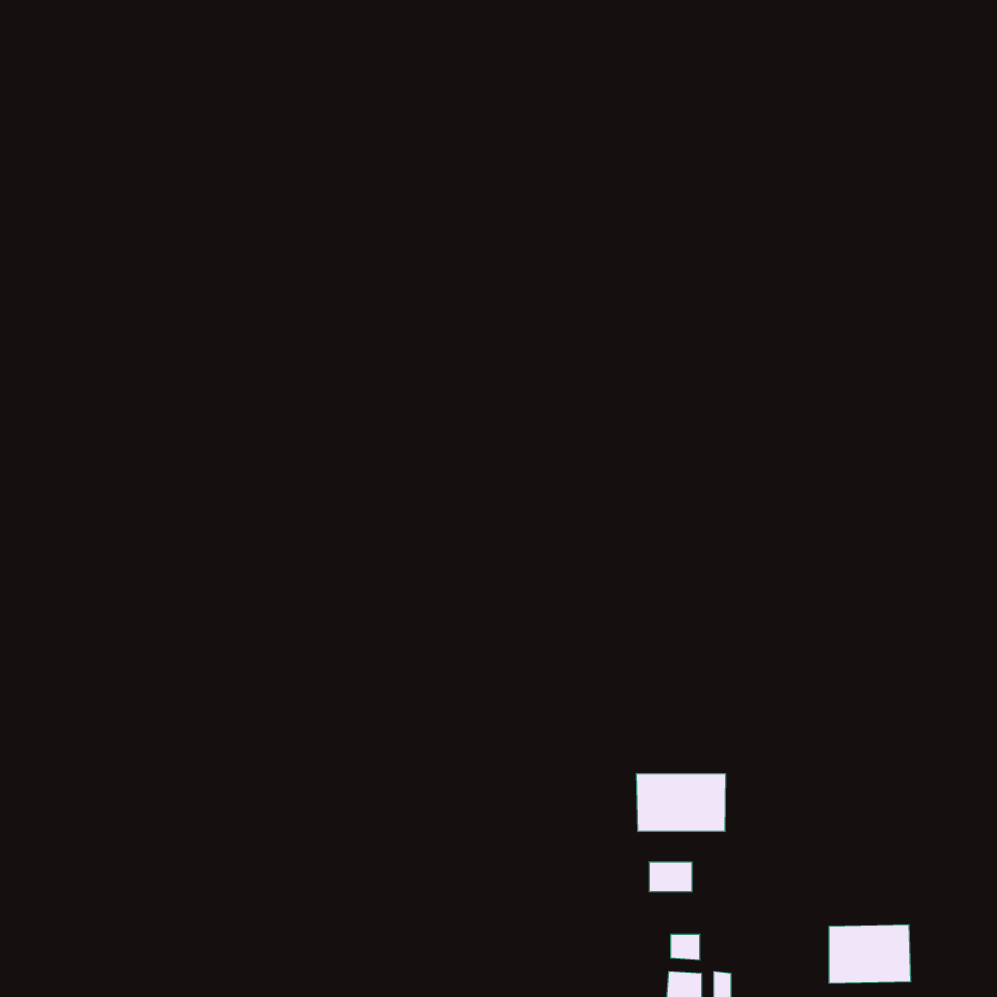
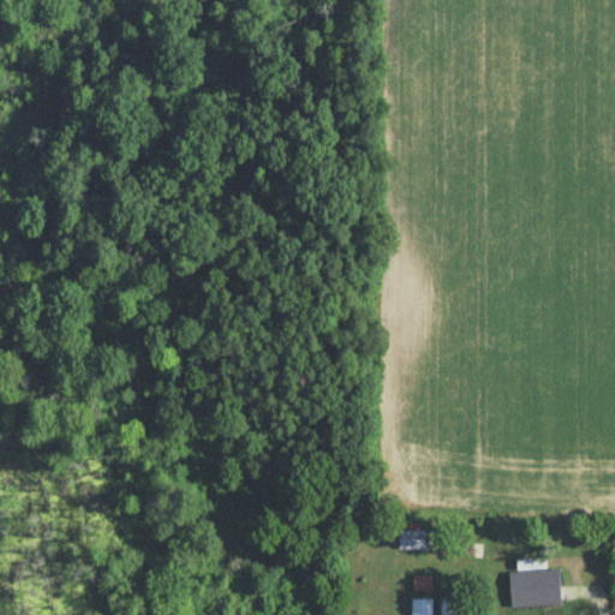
building: [636,774,725,832] -> none

